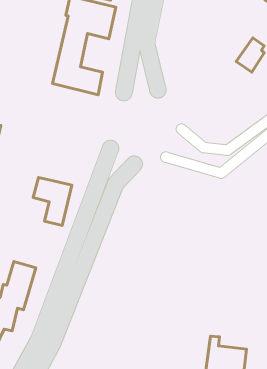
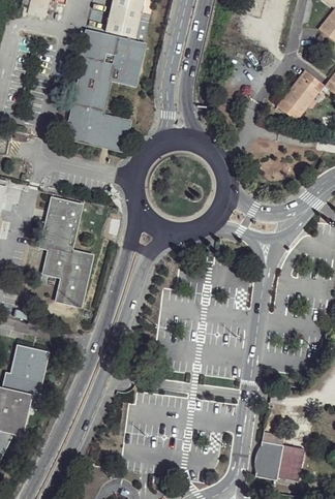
building: none -> [43,198,81,249]

